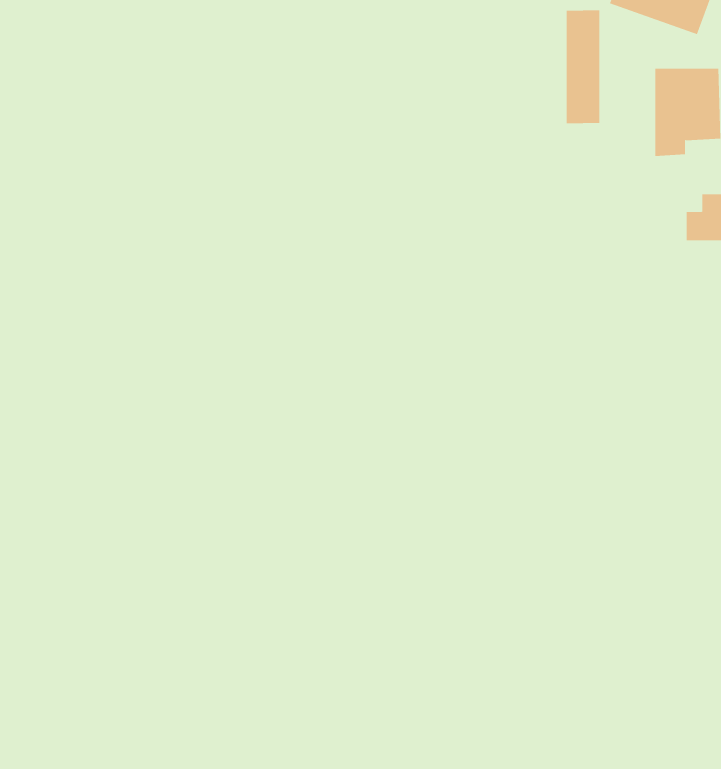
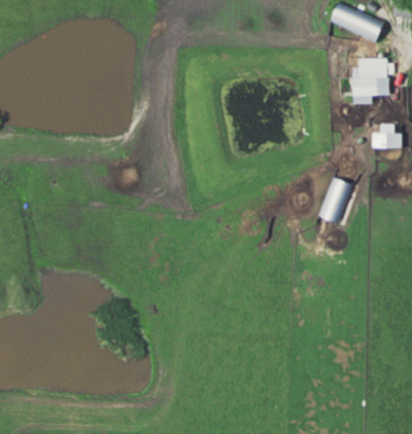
building: [566,10,600,124] -> none
building: none -> [316,176,351,223]

